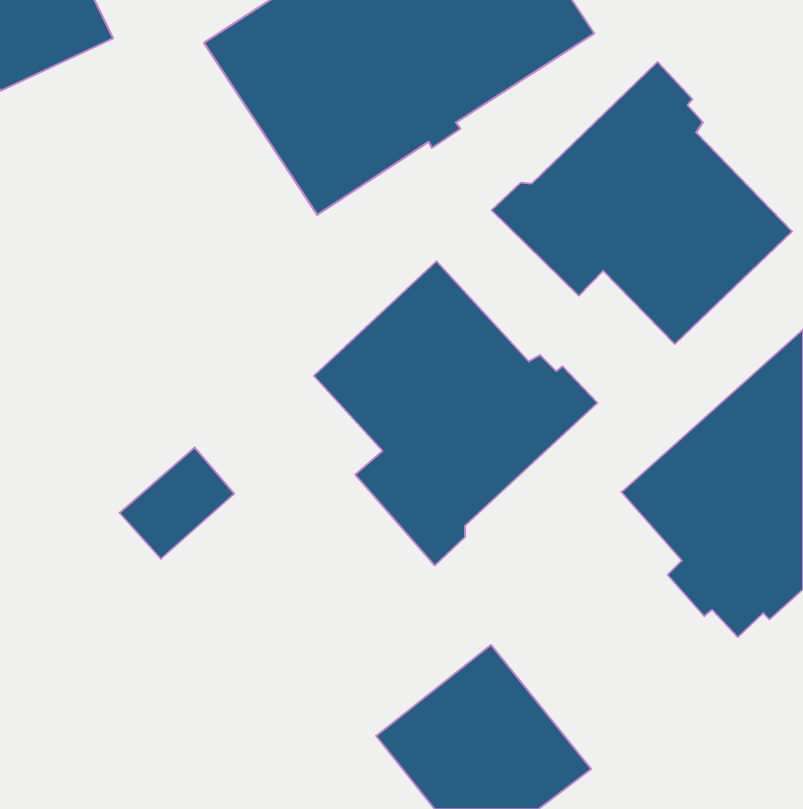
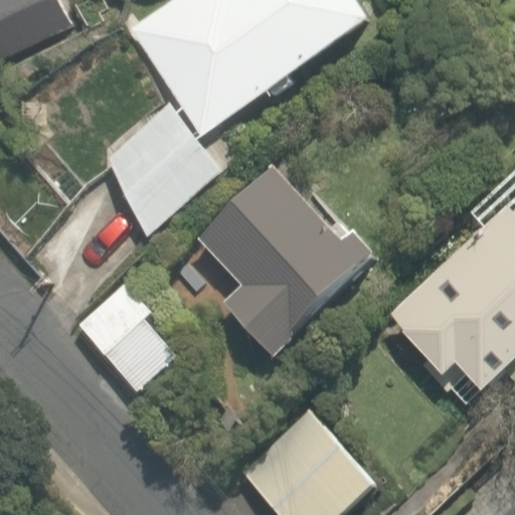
building: [492,62,792,344] -> none
building: none -> [106,106,222,236]

